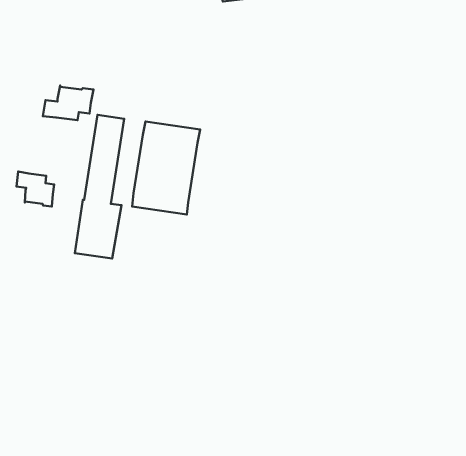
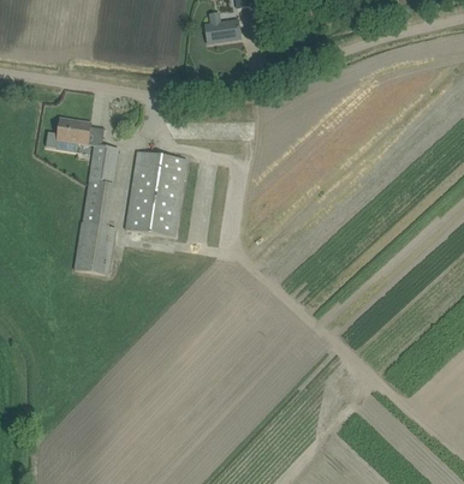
building: [16,172,54,207] -> none

